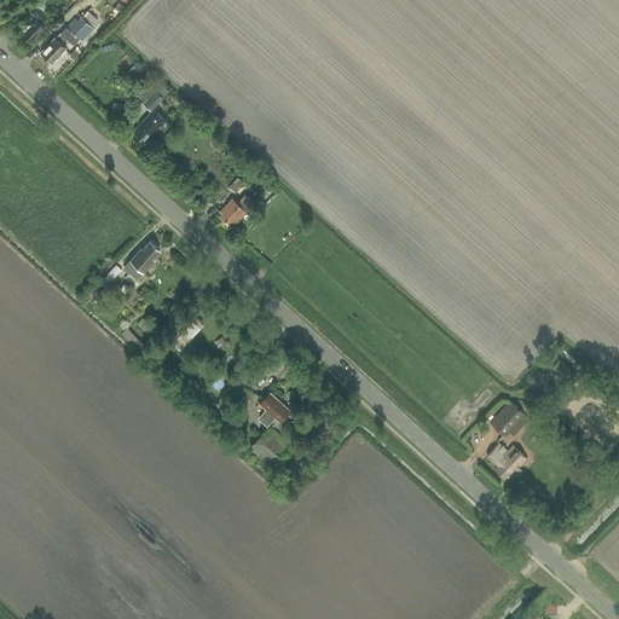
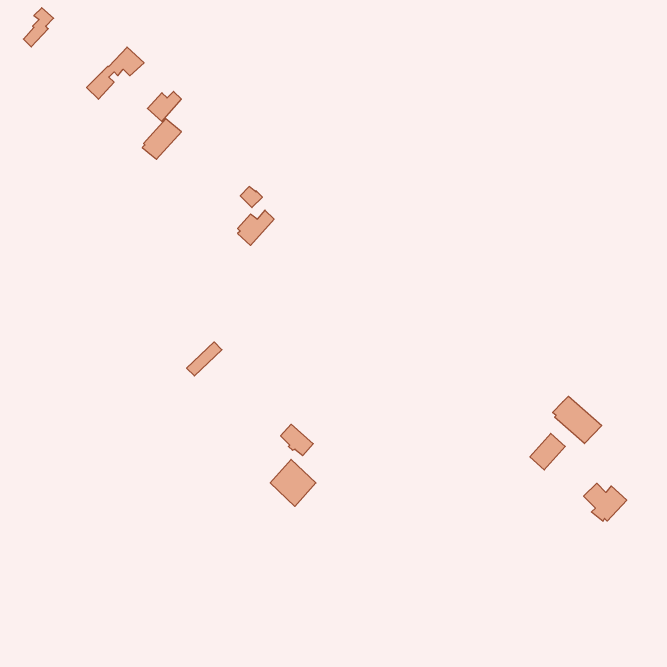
building: [41,15,94,63] -> [87,47,144,99]
building: [125,242,160,290] -> none
building: none -> [553,396,602,444]
building: [487,444,527,479] -> [584,483,627,521]

